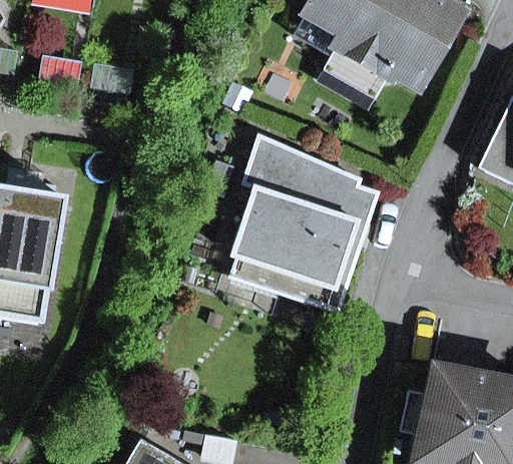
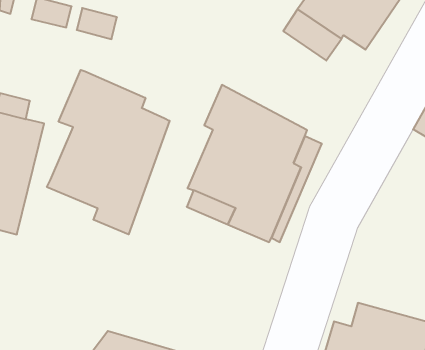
building: none -> [47,70,170,234]

